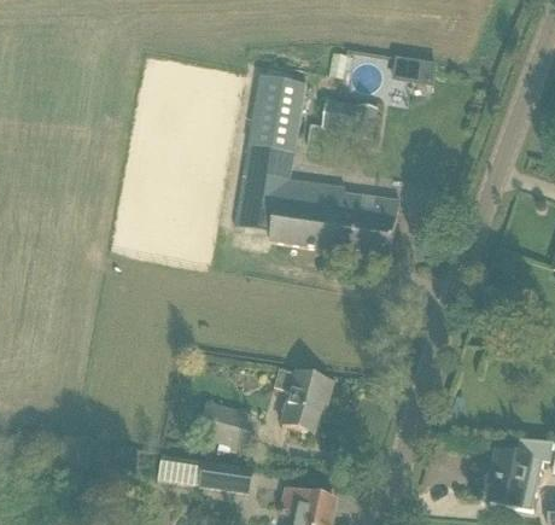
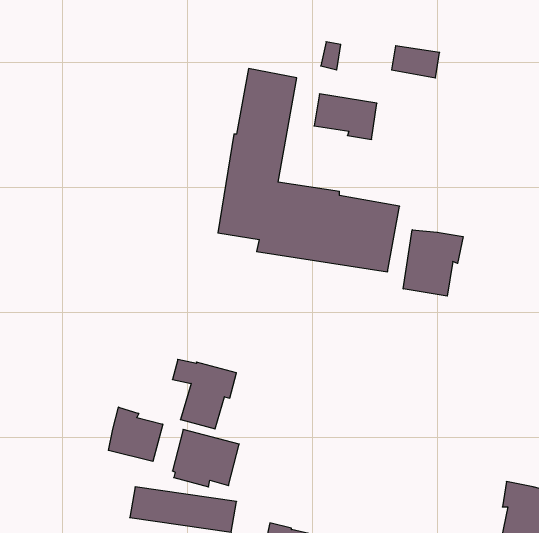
building: none -> [403,230,463,296]
building: [273,366,331,428] -> [172,359,236,429]
building: none -> [108,407,163,461]

